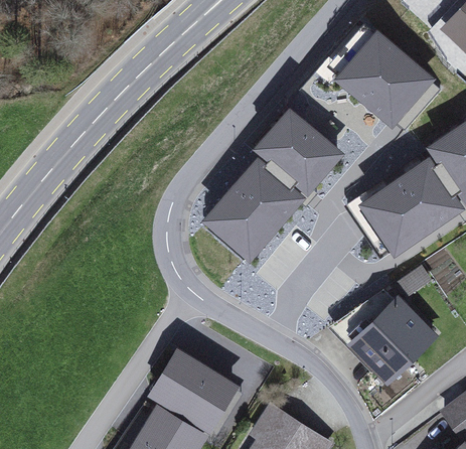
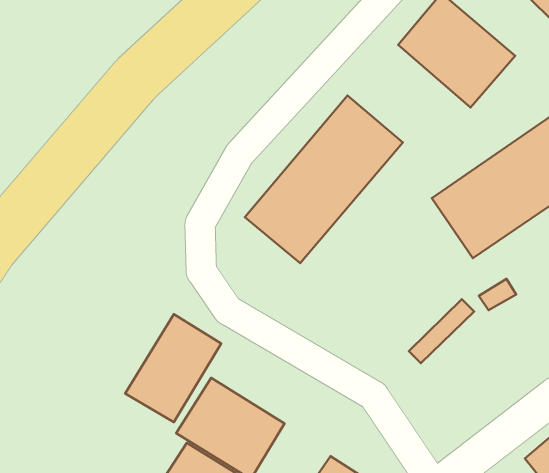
building: [350,297,441,388] -> none
building: none -> [125,314,221,422]

